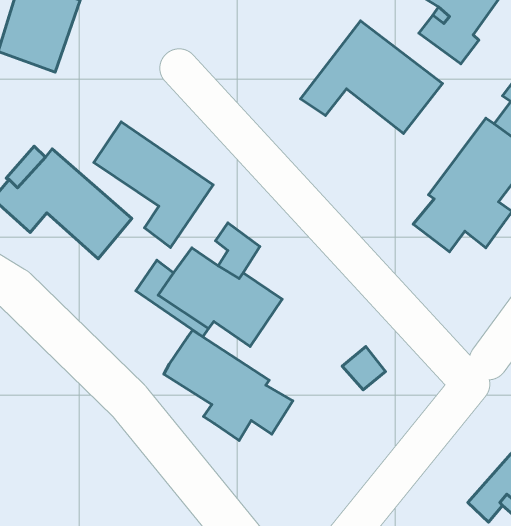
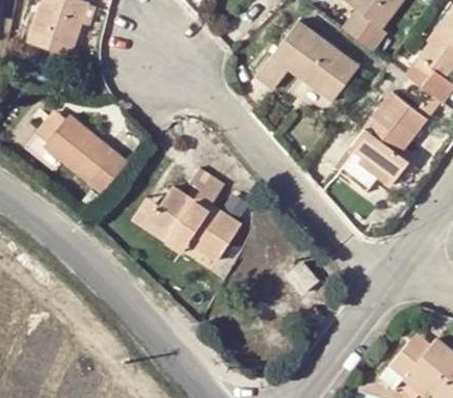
building: [94,122,213,247] -> none
building: [164,330,293,440] -> none

